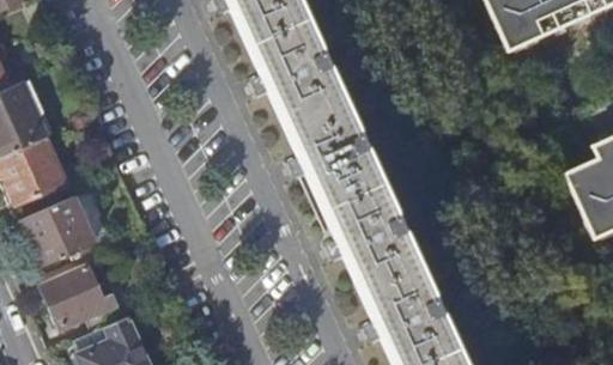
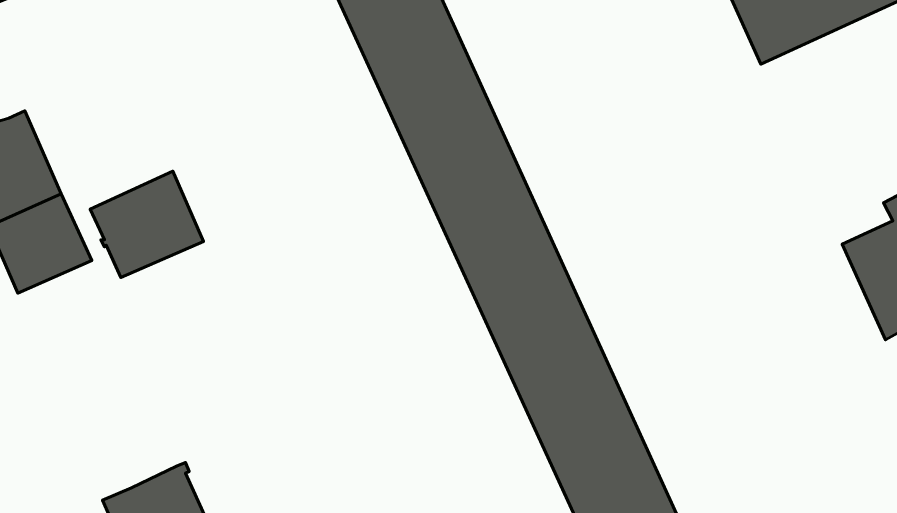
building: [22,195,97,266] -> [90,171,204,278]
building: [41,262,123,331] -> none

